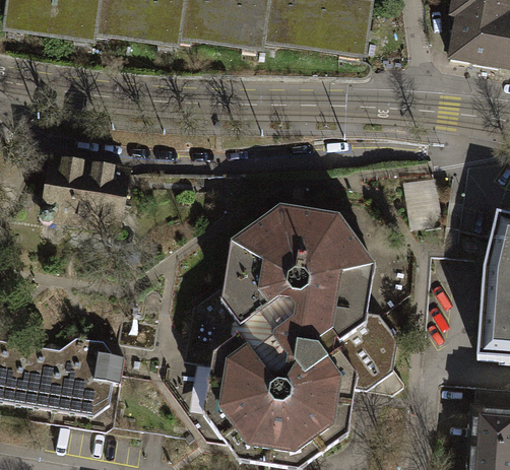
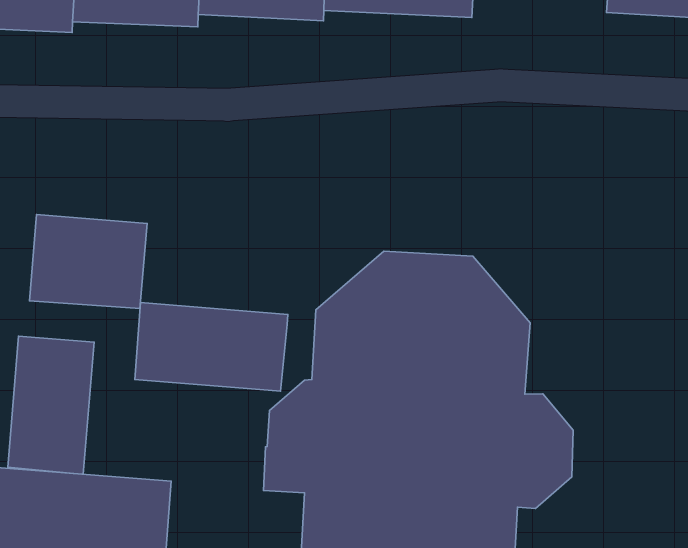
building: none -> [135,302,288,391]
building: none -> [8,336,94,474]

